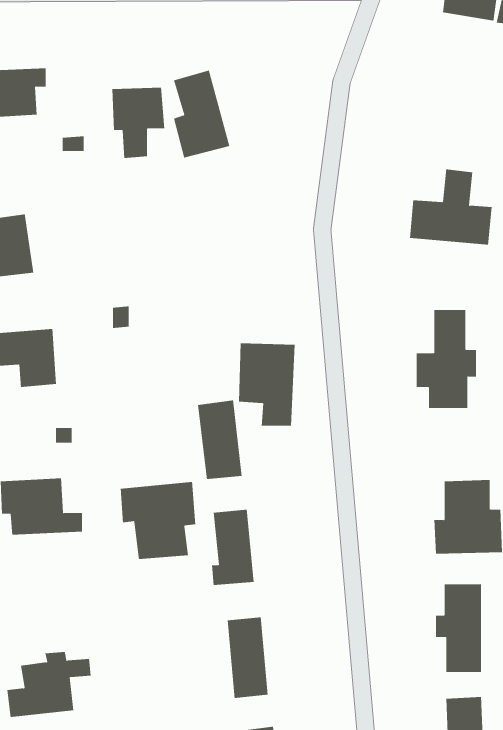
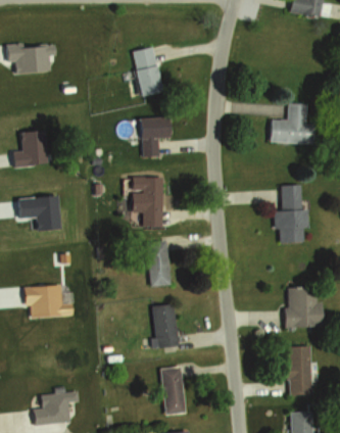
building: [111,87,165,158] -> [137,114,168,156]
building: [238,343,295,426] -> [129,177,162,226]
building: [120,481,196,560] -> none

